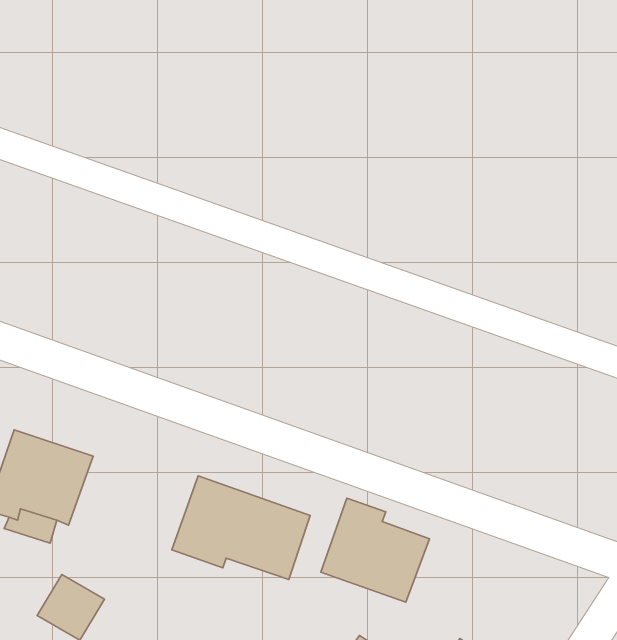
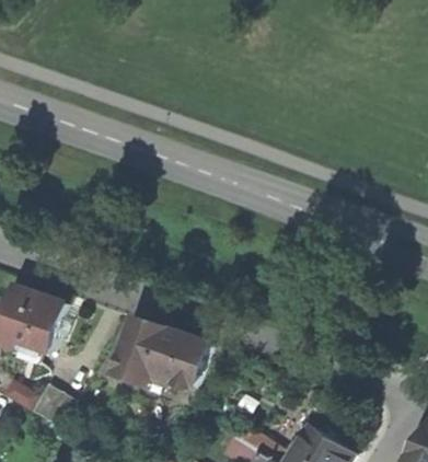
building: [321,498,429,602] -> none

